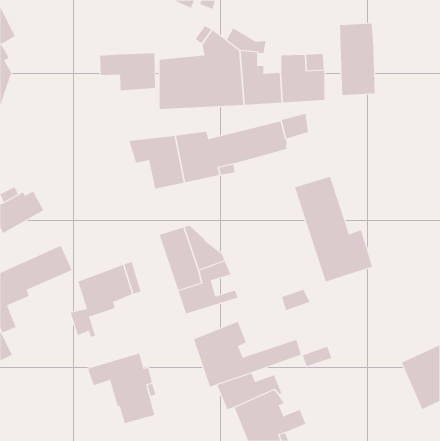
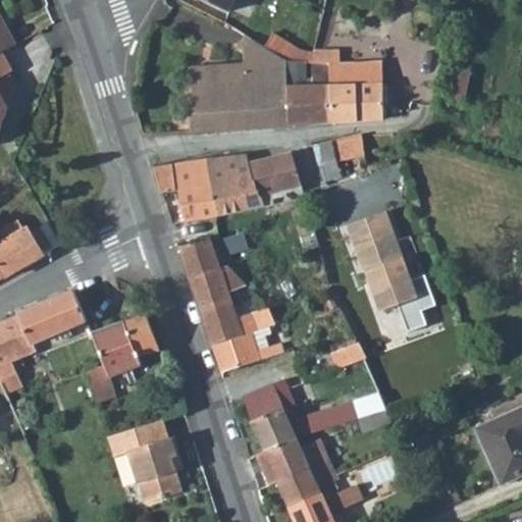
building: [339,23,375,96] -> none
building: [99,52,155,91] -> none
building: none -> [177,237,217,277]

